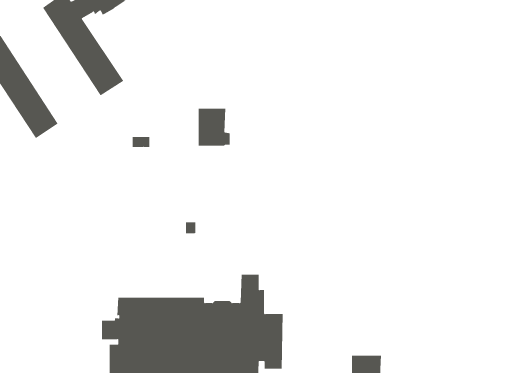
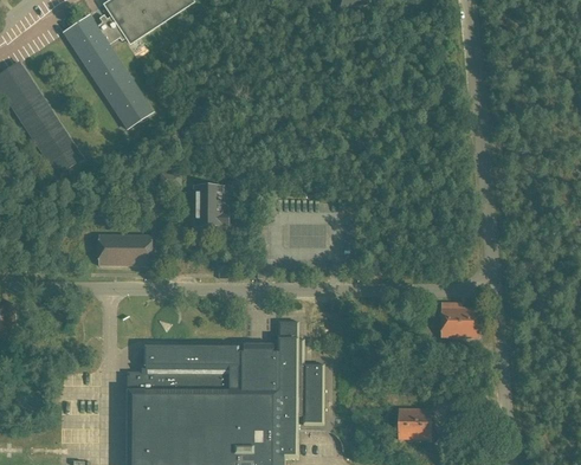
building: [198,108,231,146] -> [193,185,228,226]
building: none -> [98,234,151,265]
building: none -> [440,302,479,337]

